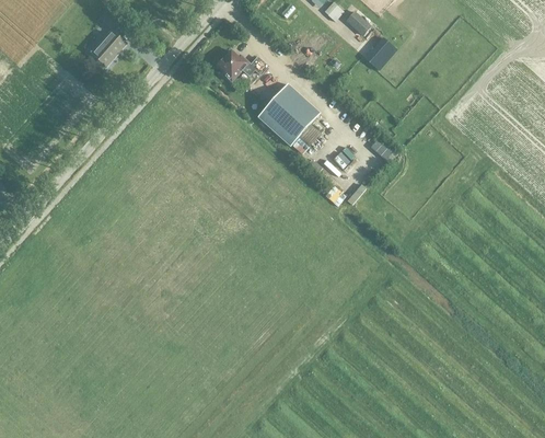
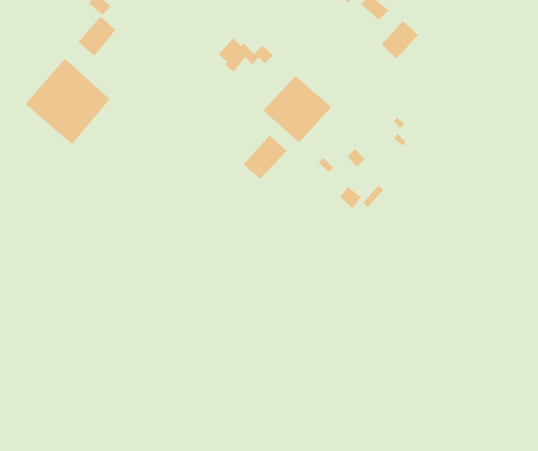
building: none -> [25,58,111,145]
building: none -> [243,135,287,180]

